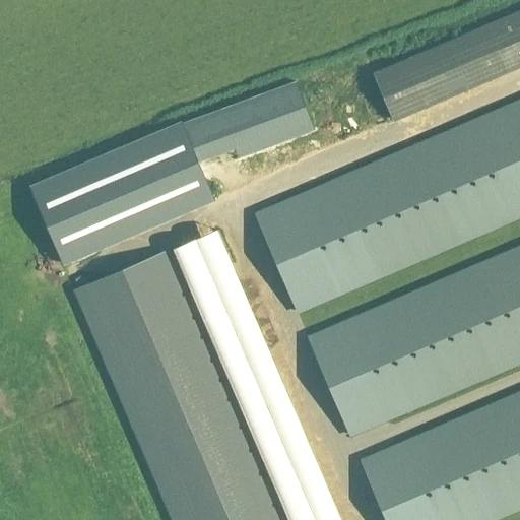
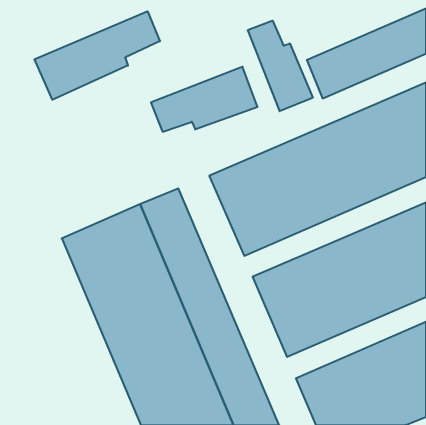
building: none -> [34,11,160,100]
building: none -> [248,21,313,111]
building: [30,121,213,264] -> none

